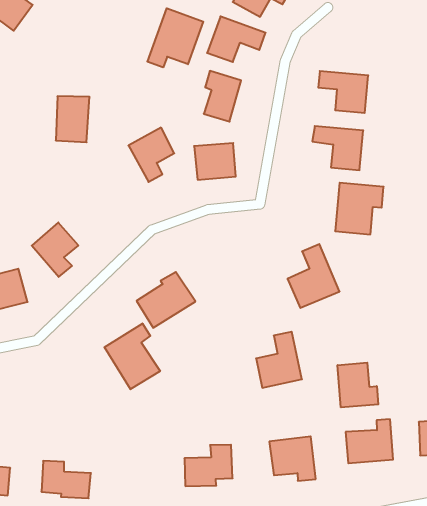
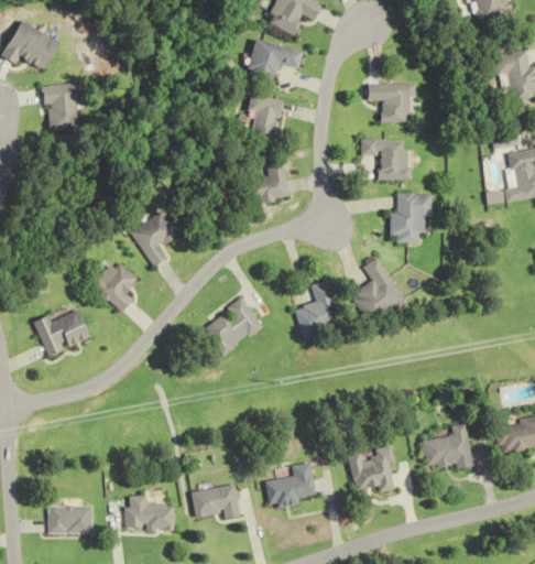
building: [147,8,203,67] -> none
building: [56,96,90,142] -> [52,84,85,130]
building: [128,128,174,182] -> [131,210,177,265]
building: [104,323,160,389] -> none
building: [256,332,302,388] -> [292,278,339,336]
building: [338,363,378,407] -> none
building: none -> [189,485,237,519]

